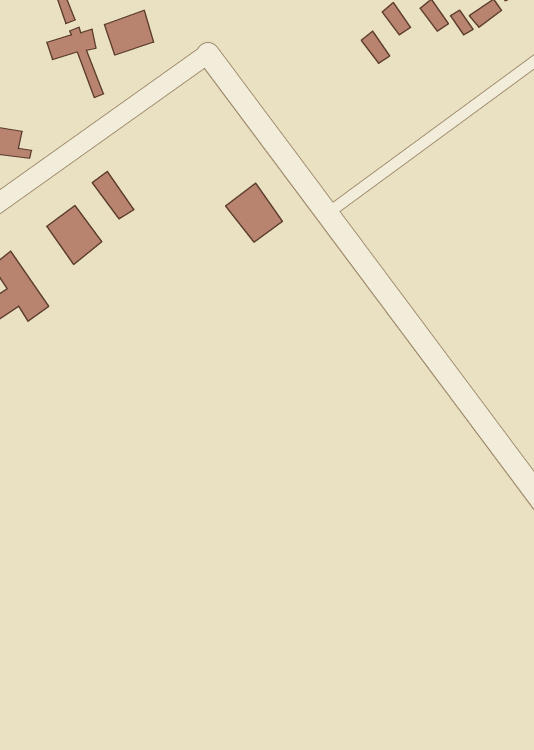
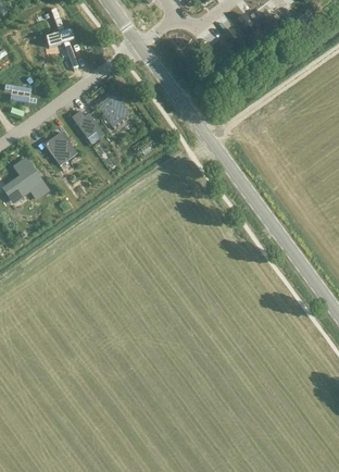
building: [105,10,154,55] -> none
building: [226,183,282,242] -> [96,91,128,125]

